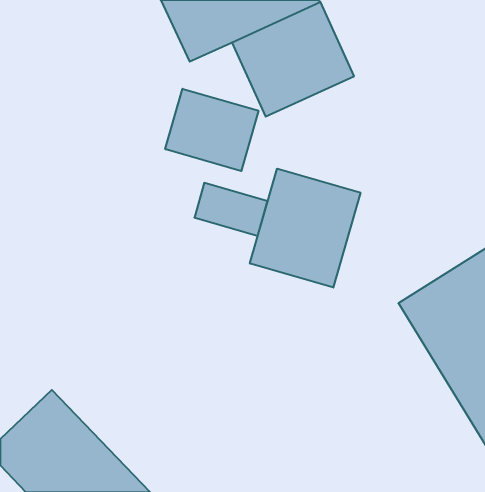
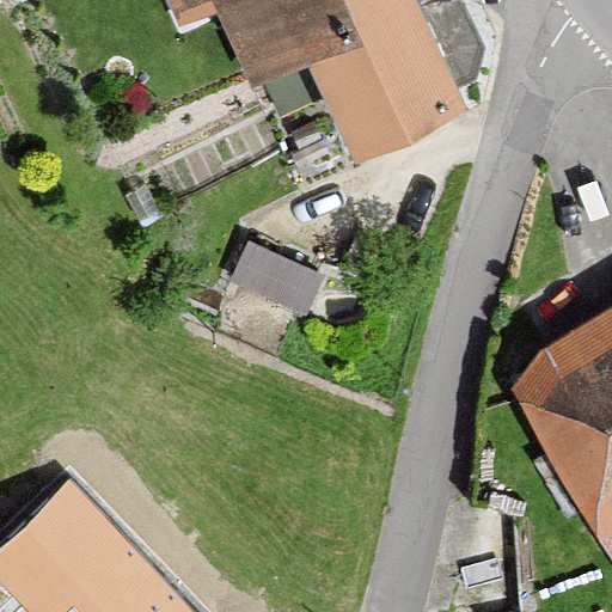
building: [165,89,258,171] -> none
building: [250,169,360,288] -> none

